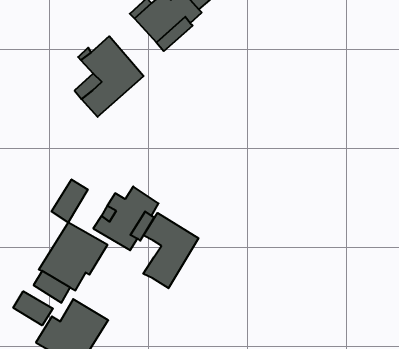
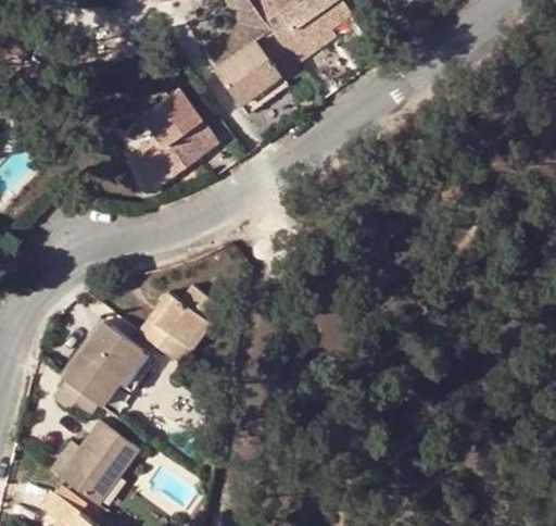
building: [52,179,88,222] -> none
building: [143,213,198,288] -> none
building: [13,291,53,325] -> none

